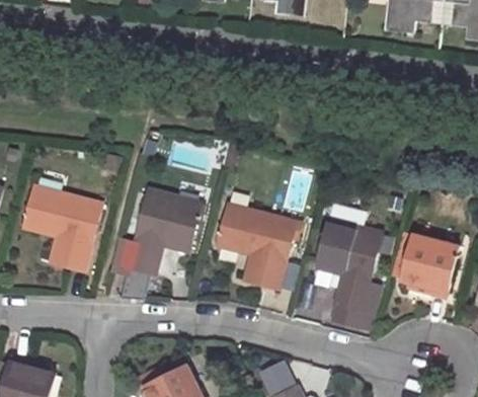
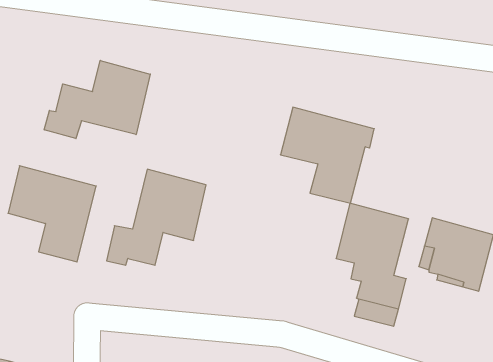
building: none -> [44,60,150,139]
building: [217,203,301,289] -> [280,107,374,203]

